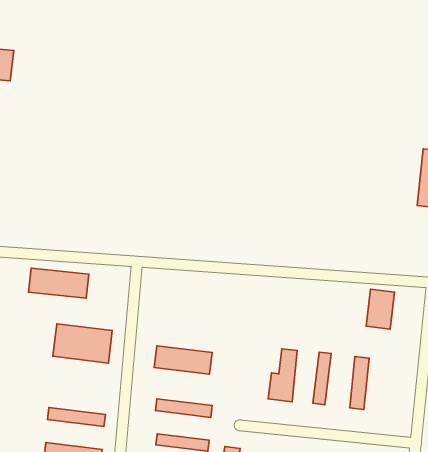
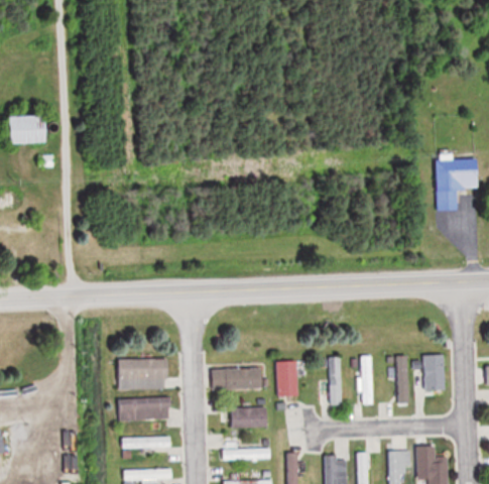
building: [28,268,89,298] -> [117,397,170,420]
building: [366,289,395,329] -> [422,356,445,390]
building: none -> [274,361,297,395]

